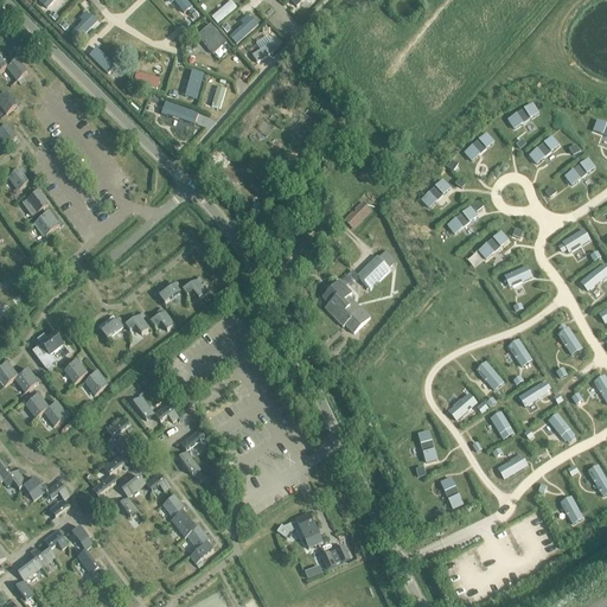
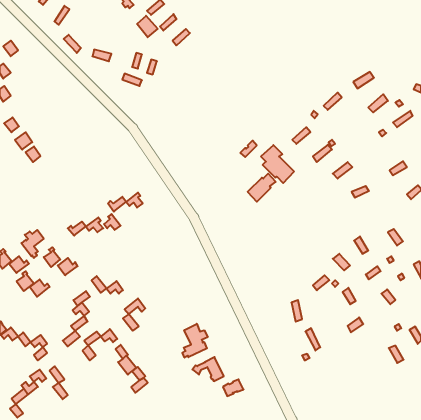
building: [321,279,369,333] -> [261,145,294,183]
building: none -> [182,324,208,358]

